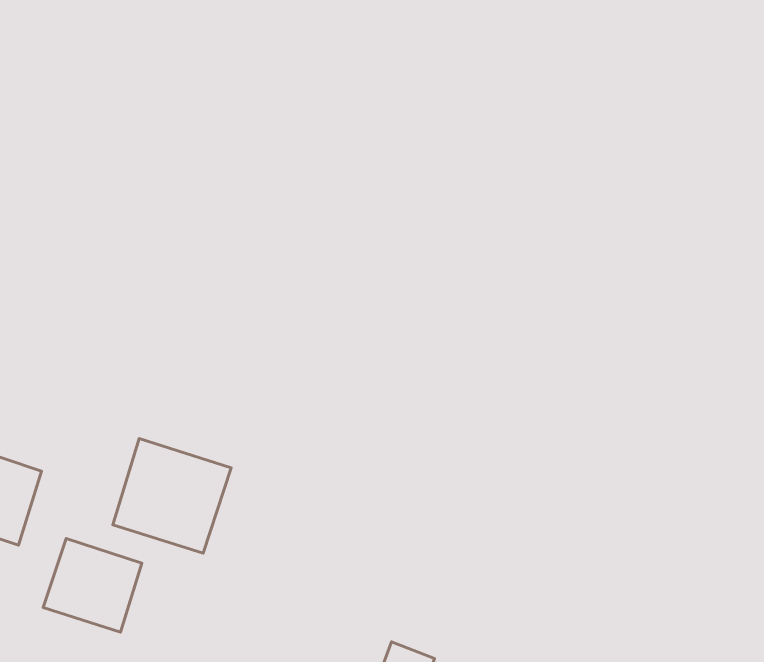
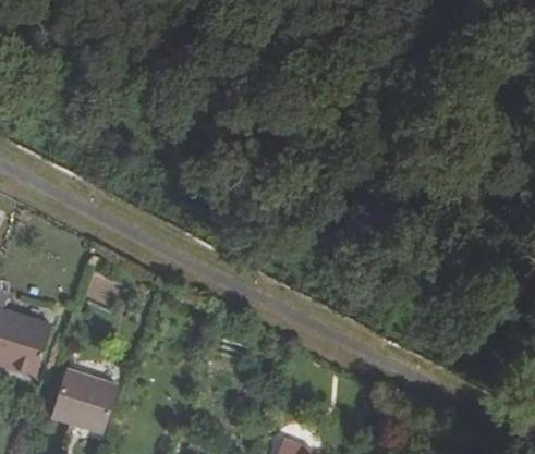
building: [113,439,231,553] -> none

